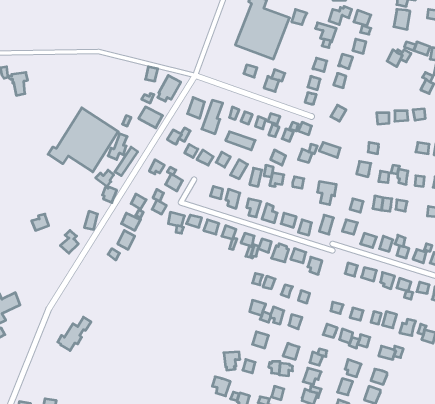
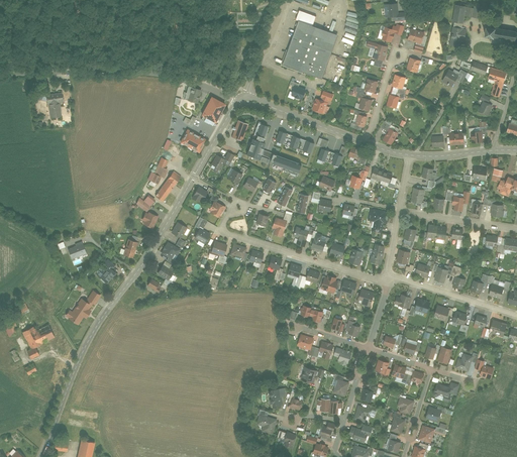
building: [48,108,118,172] -> none
building: [58,317,91,351] -> [65,290,100,325]

